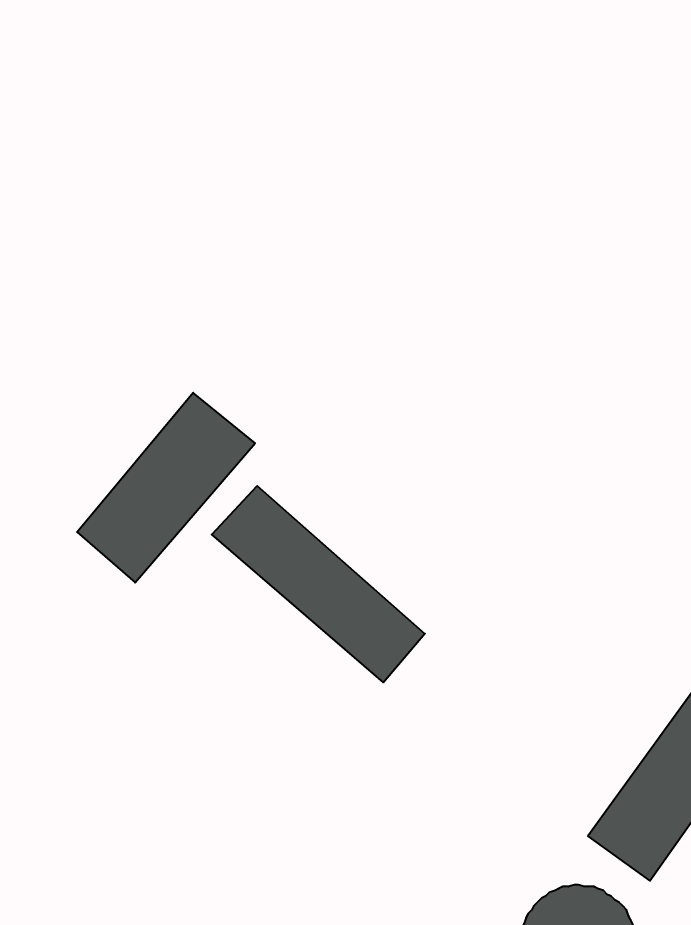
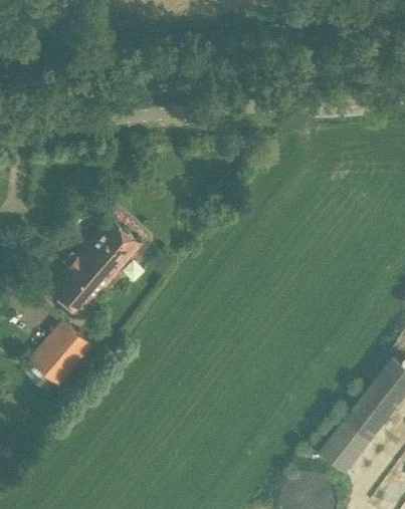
building: [212,486,425,682] -> none
building: none -> [28,322,92,389]

